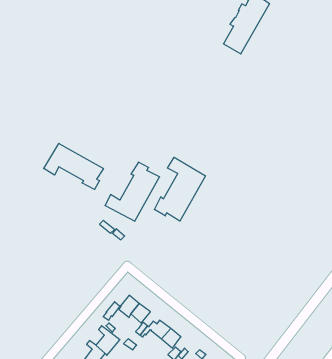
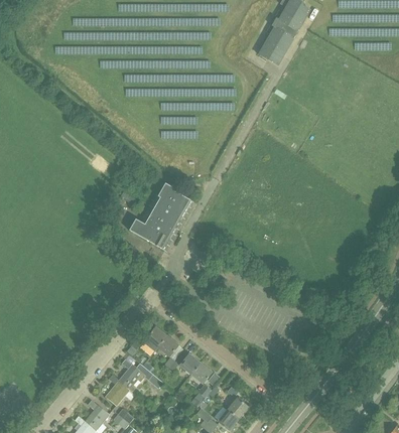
building: [44,143,103,189] -> none
building: [154,157,205,221] -> none

